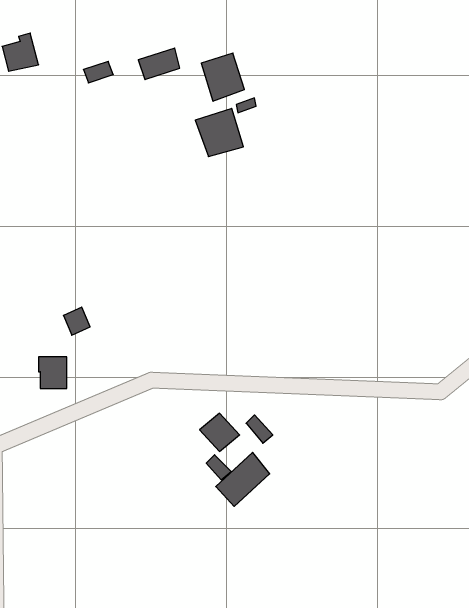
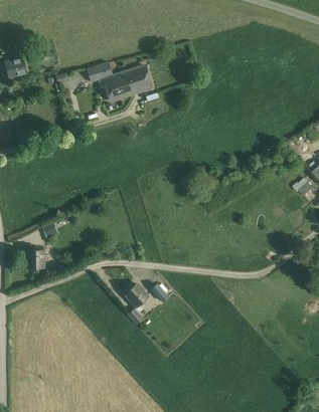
building: [195,108,243,157] -> [102,71,131,100]
building: [216,452,270,506] -> none

